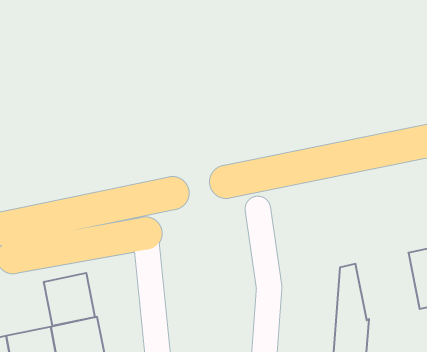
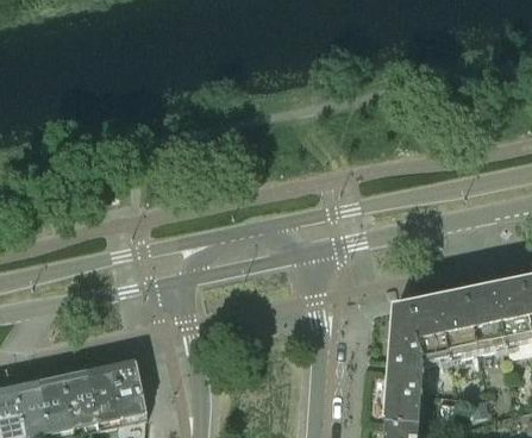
building: none -> [411,292,478,363]
building: [44,273,95,326] -> none

